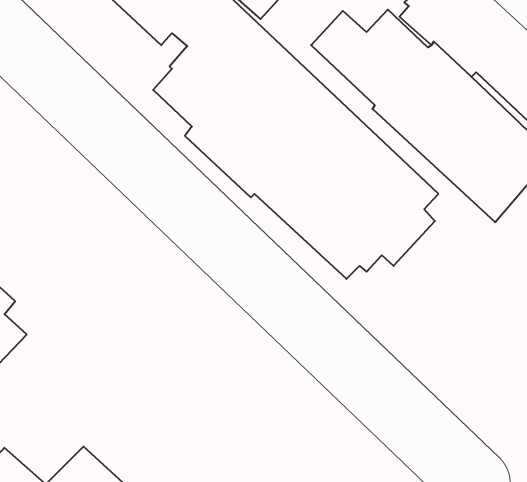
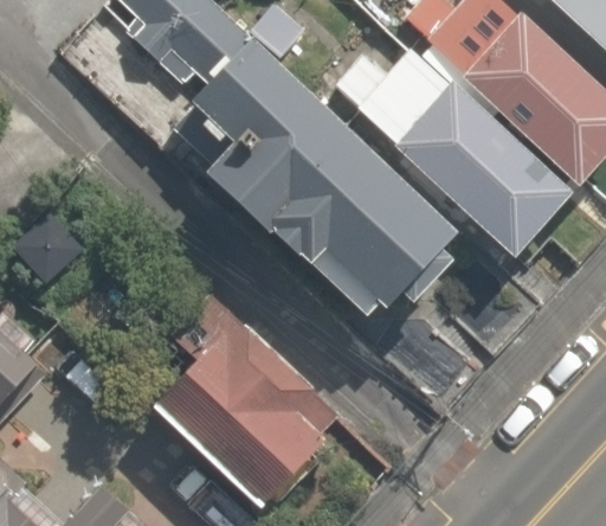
building: none -> [154,295,341,509]

